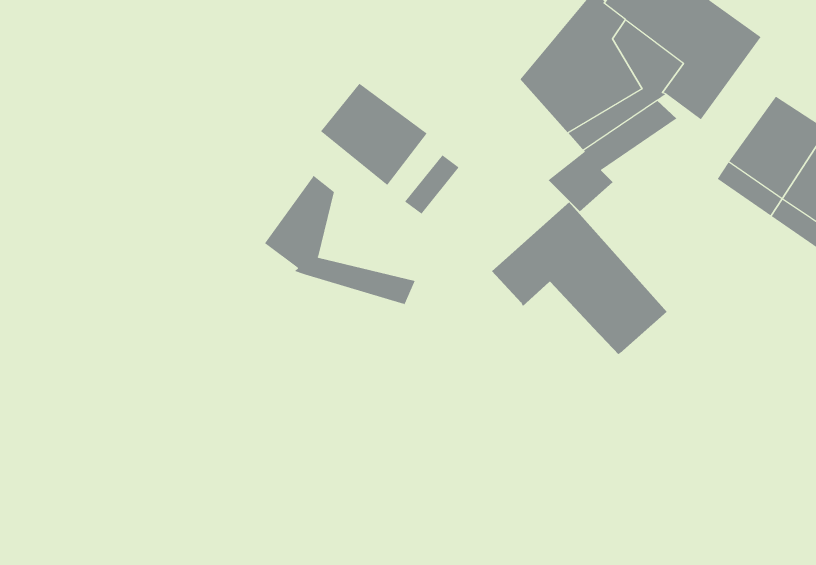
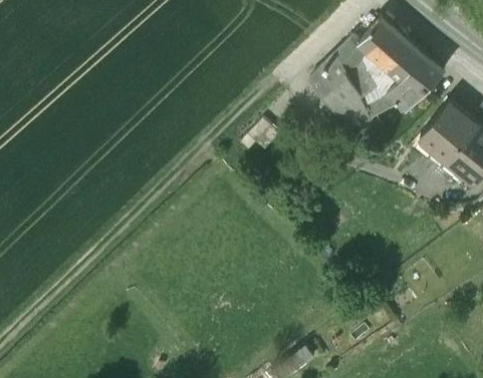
building: [320,83,428,186] -> none
building: [264,175,416,307] -> none
building: [491,201,667,355] -> none

